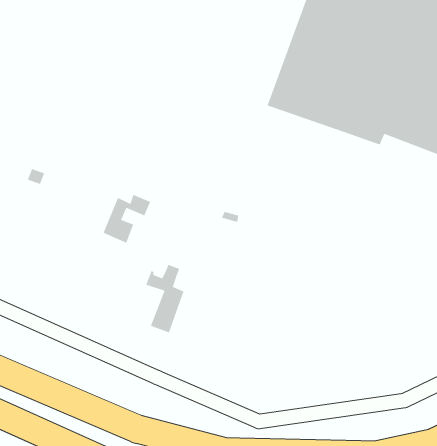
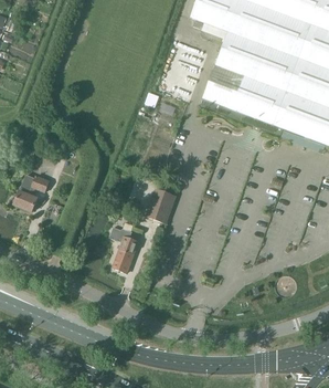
building: [102,194,151,244] -> [13,175,49,211]
building: none -> [146,188,174,222]

